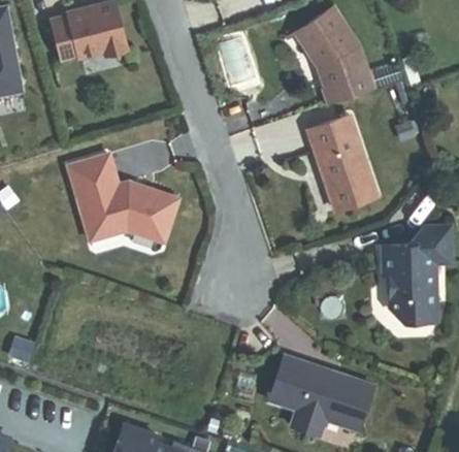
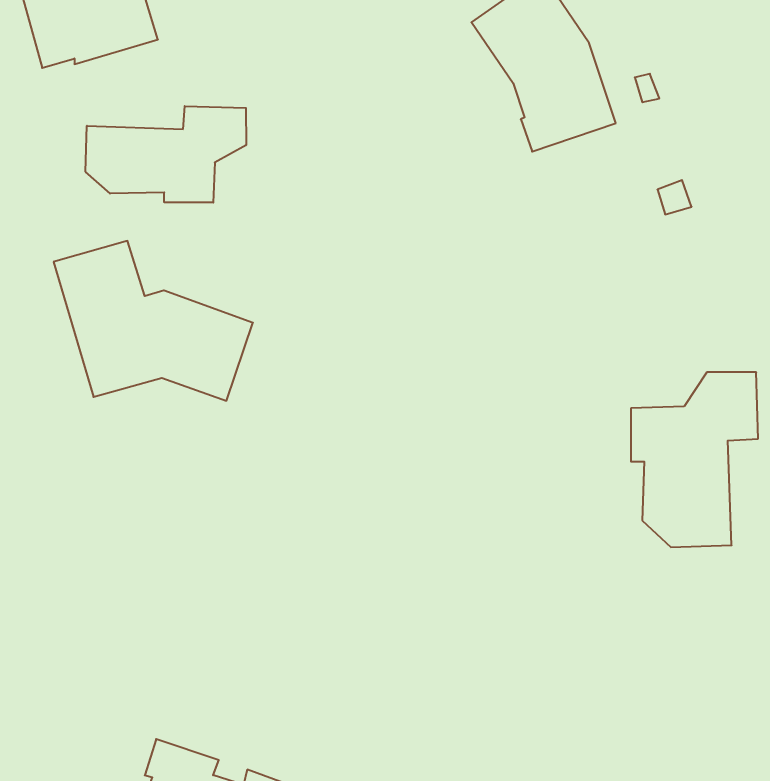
building: none -> [86,106,246,203]
building: [307,116,375,209] -> none
building: [268,355,372,433] -> none

